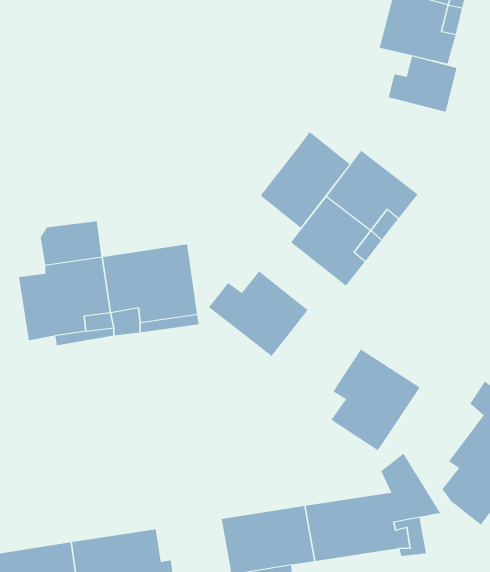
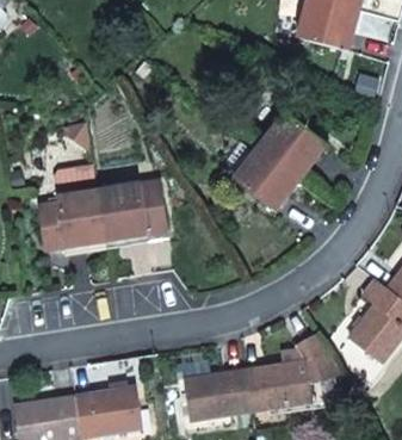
building: [388,56,457,112] -> none
building: [260,131,350,228] -> none
building: [208,271,308,357] -> none
building: [331,348,421,451] -> none

